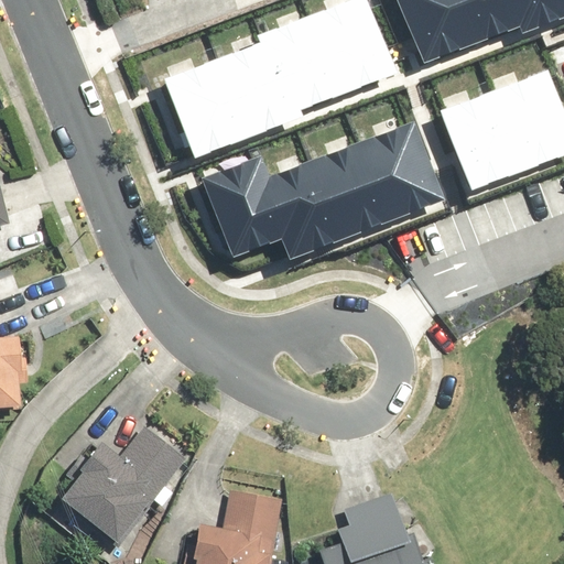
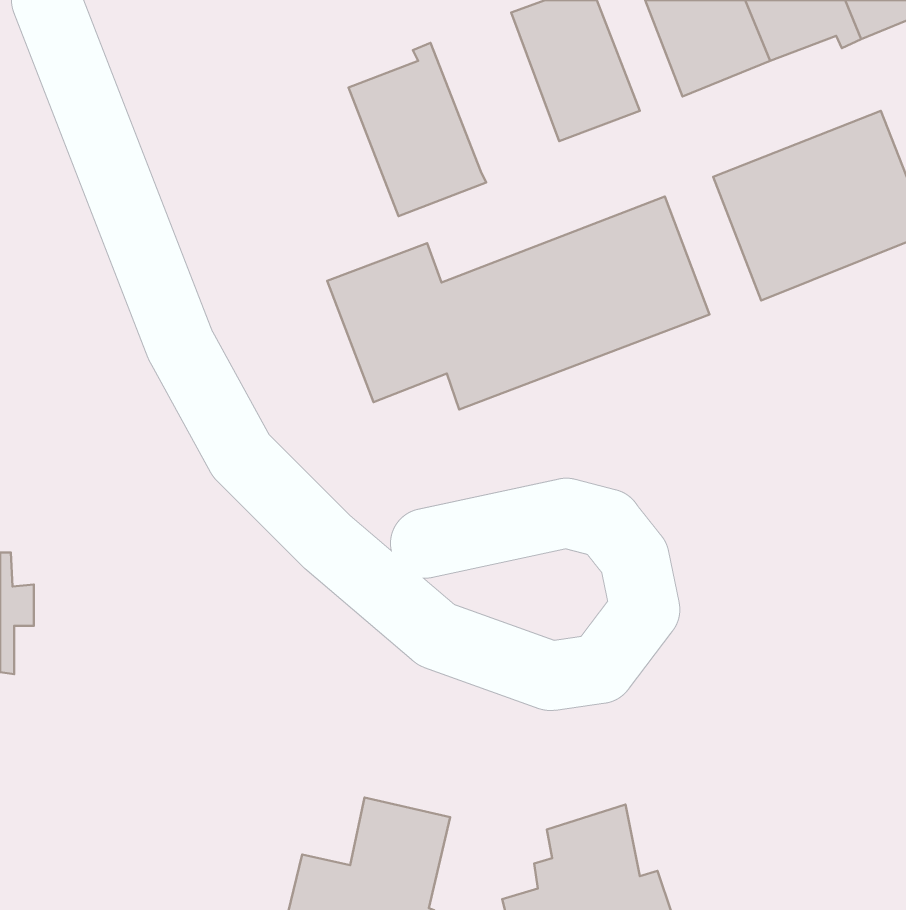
building: [270,10,349,108] -> none
building: [166,56,250,155] -> none
building: [51,430,185,552] -> none

